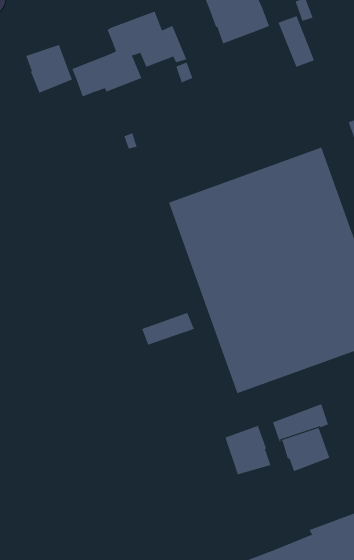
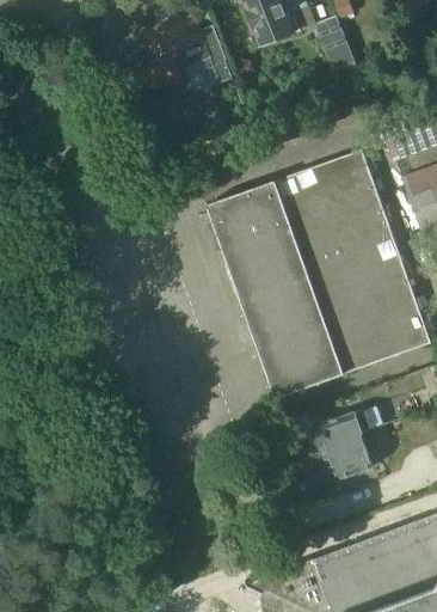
building: [26,44,73,94] -> none
building: [142,312,195,346] -> none
building: [224,425,271,475] -> none

